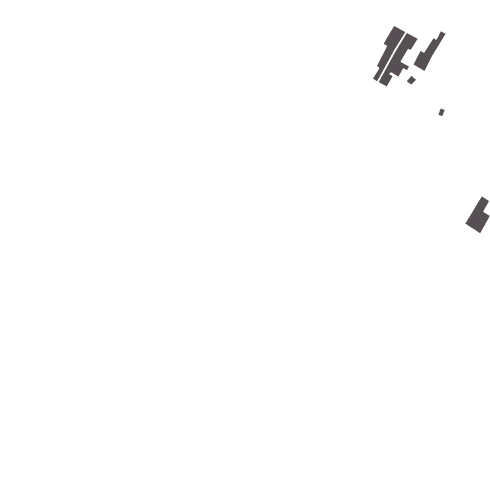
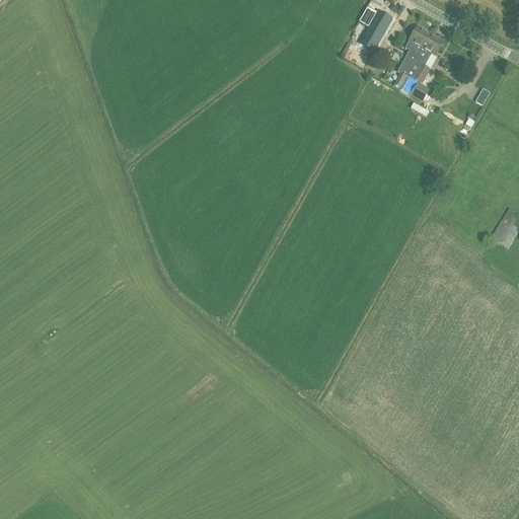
building: none -> [364,8,398,48]
building: [412,30,447,72] -> none

